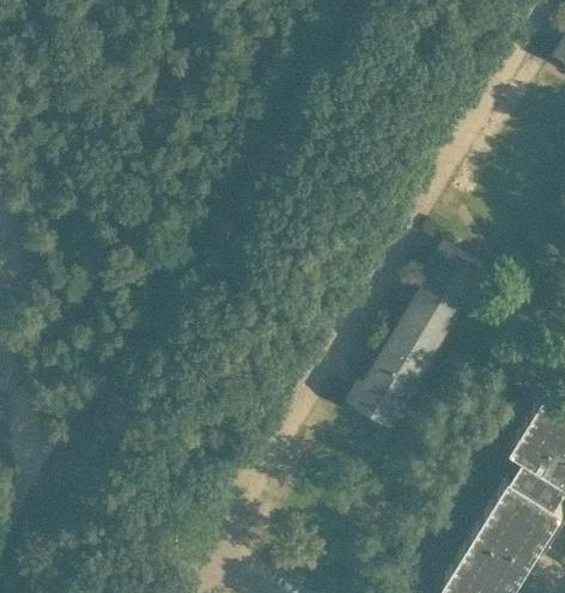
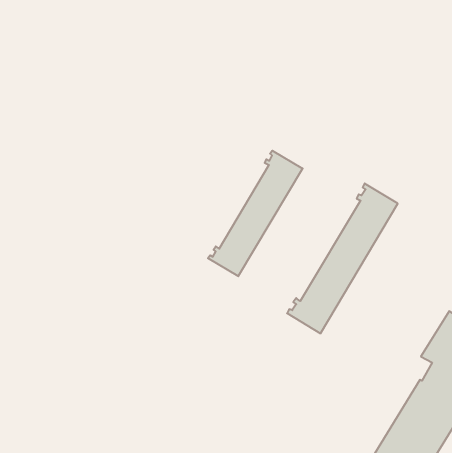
building: none -> [208,151,303,276]

